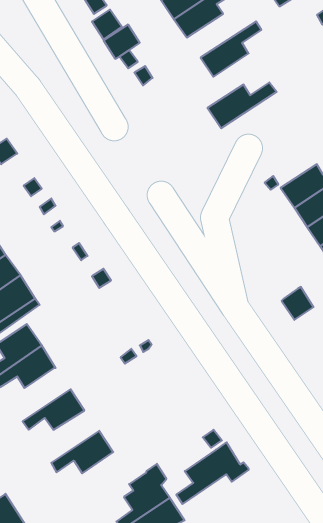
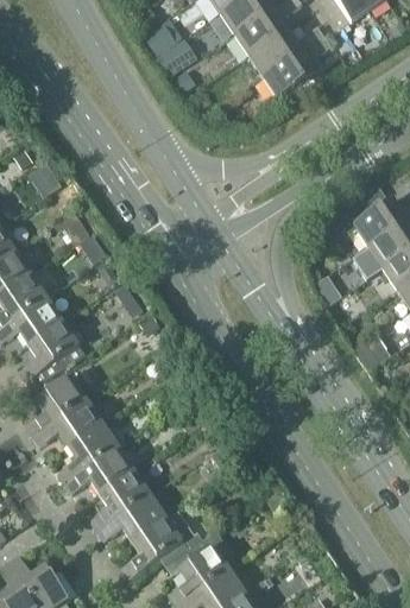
building: [207,82,277,128] -> [248,26,326,77]
building: none -> [58,423,119,482]
building: none -> [90,470,151,528]
building: [176,442,249,504] -> [122,508,203,577]

